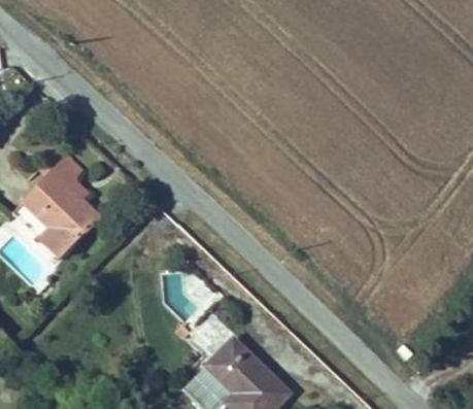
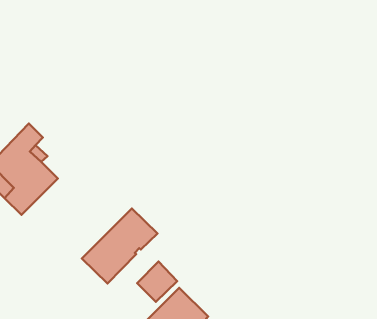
building: none -> [82,208,157,283]

